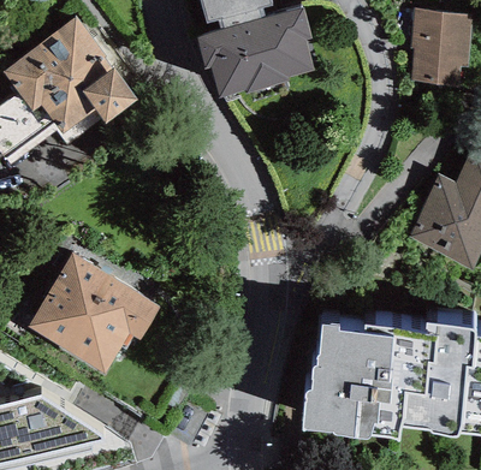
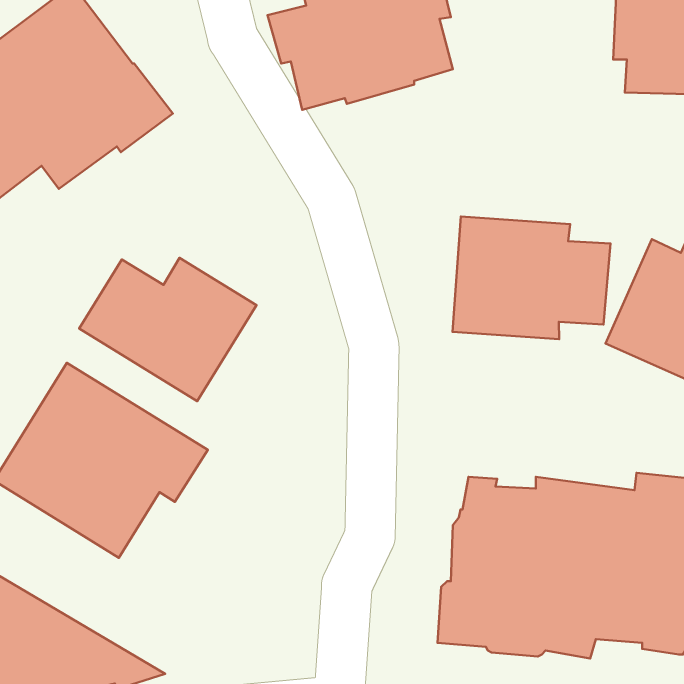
building: none -> [452,217,610,339]
building: none -> [79,258,256,401]

